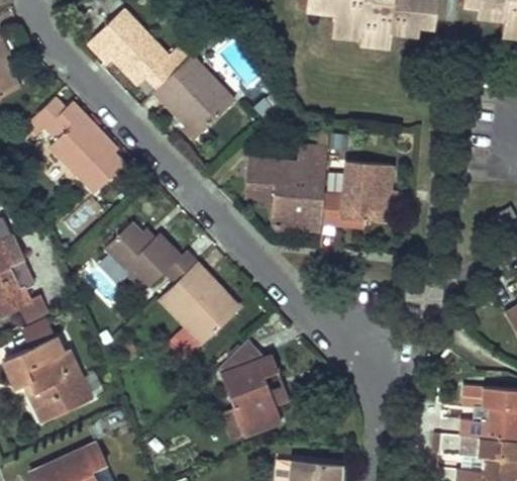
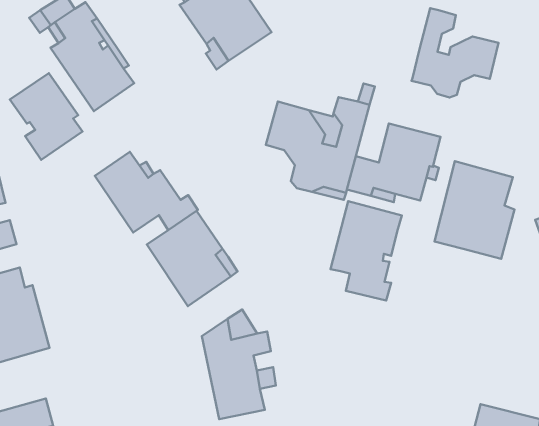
building: none -> [411,8,498,97]
building: none -> [10,73,82,160]
building: none -> [435,161,514,259]
building: none -> [330,201,402,300]

